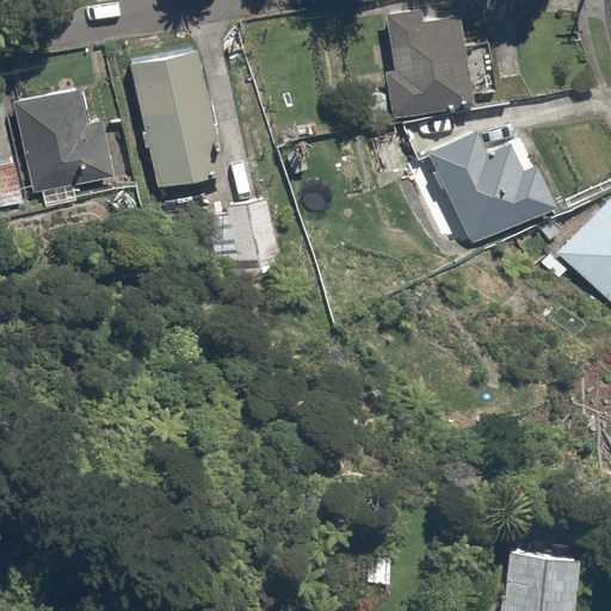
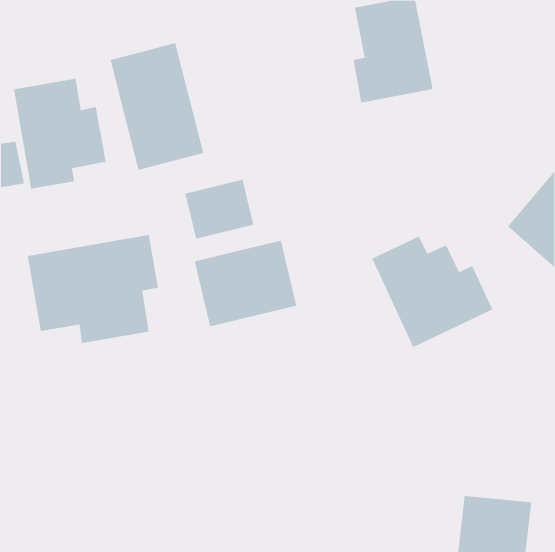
building: [430,130,563,253] -> [371,236,493,348]
building: none -> [27,234,159,344]
building: none -> [194,240,297,327]

